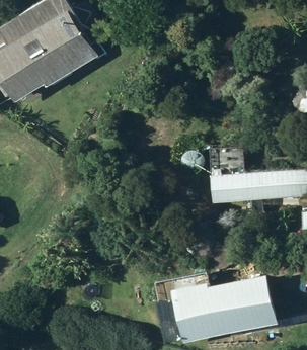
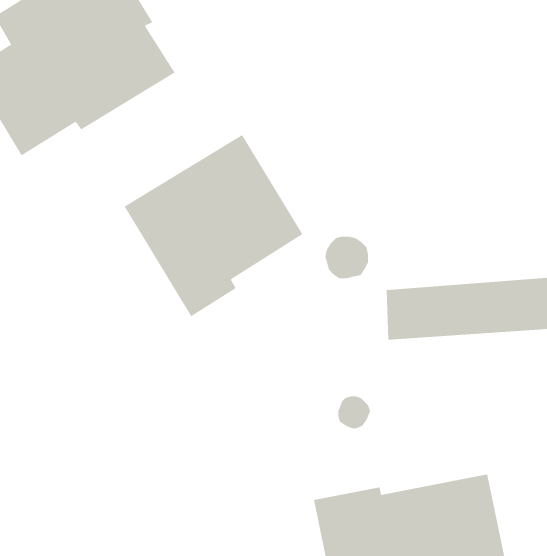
building: none -> [124,134,303,317]

